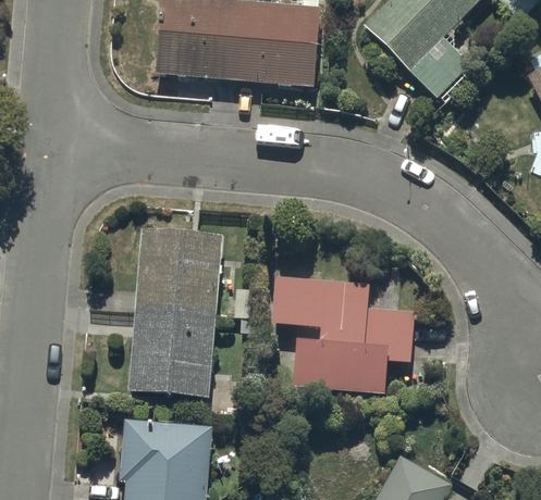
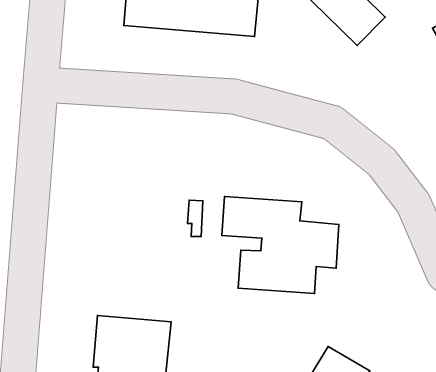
building: [128,229,223,397] -> none

